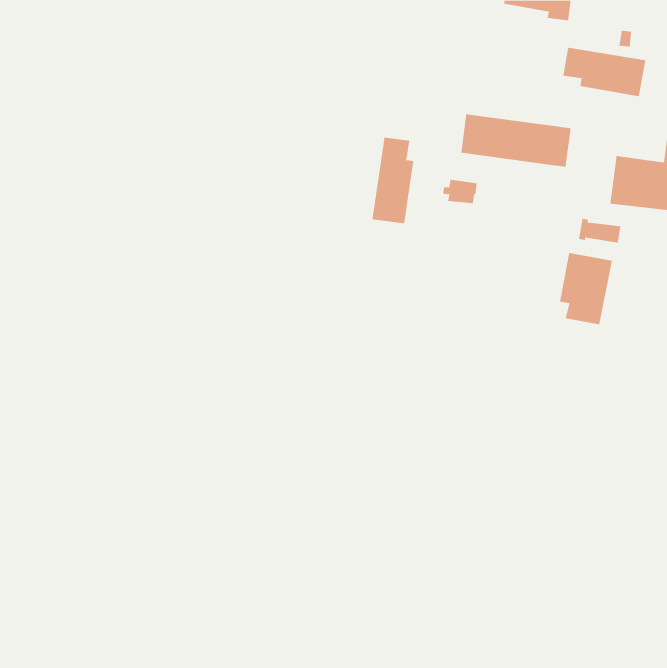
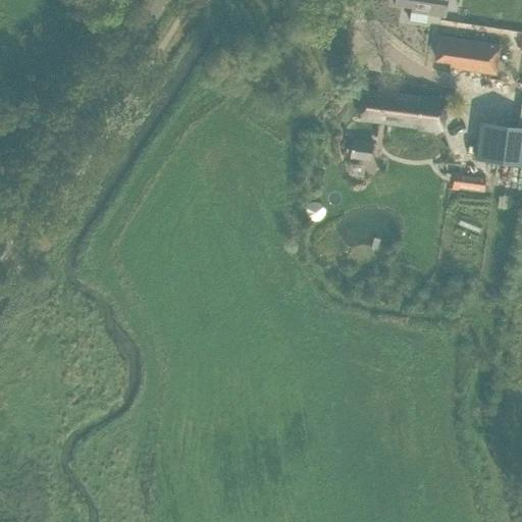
building: [372,137,414,224] -> none
building: [559,252,612,325] -> none

